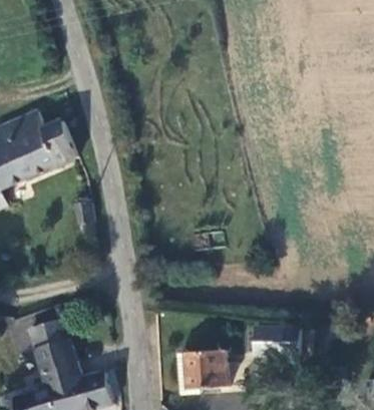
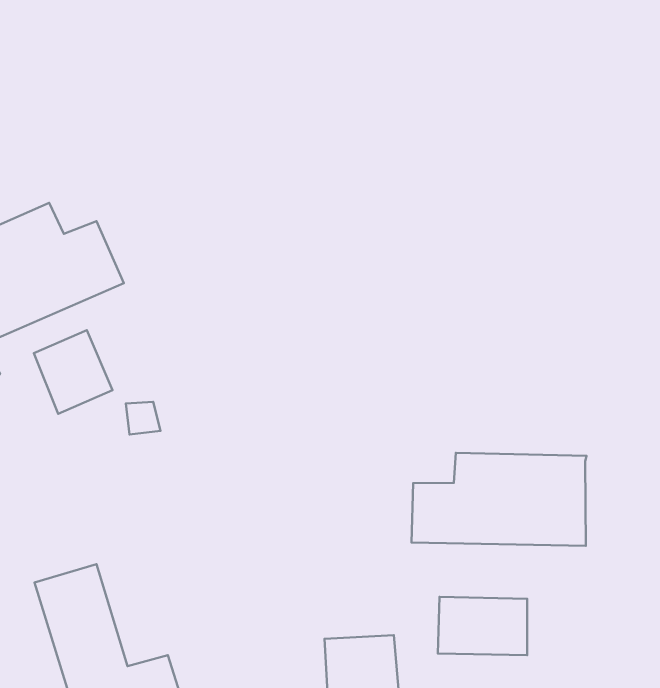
building: none -> [34,330,113,414]
building: none -> [412,453,587,546]

